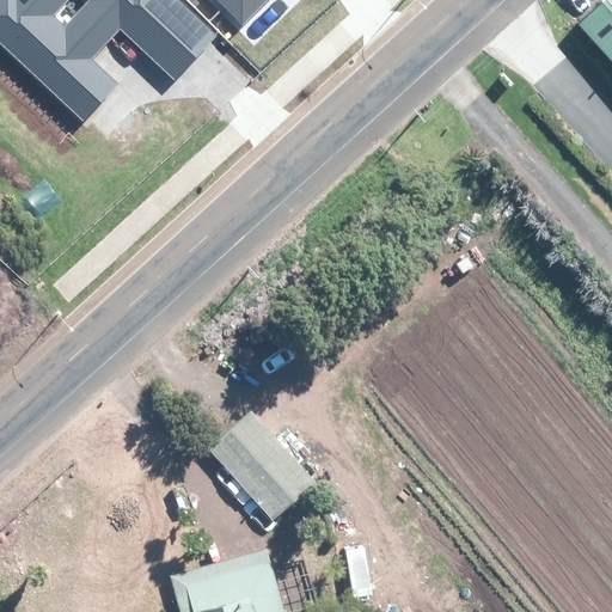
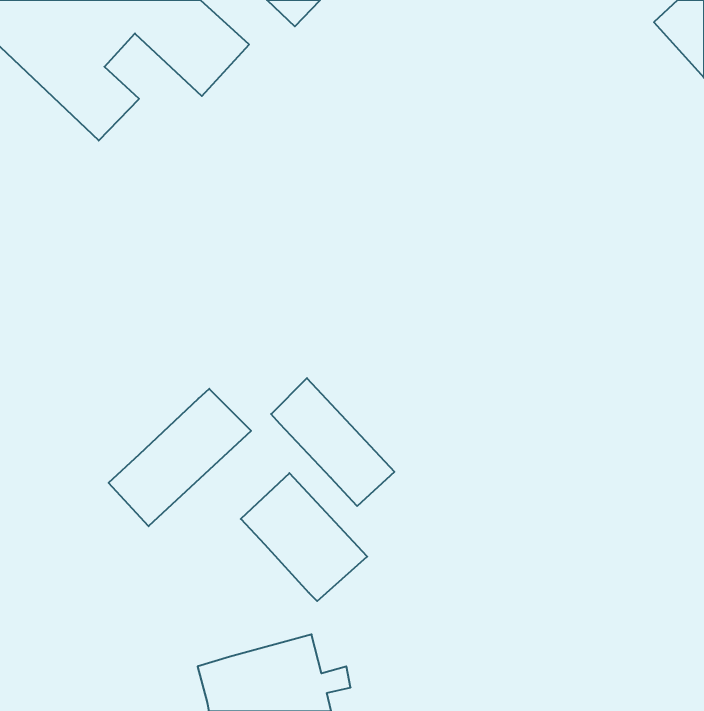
building: none -> [271,378,394,506]
building: none -> [109,389,251,526]

